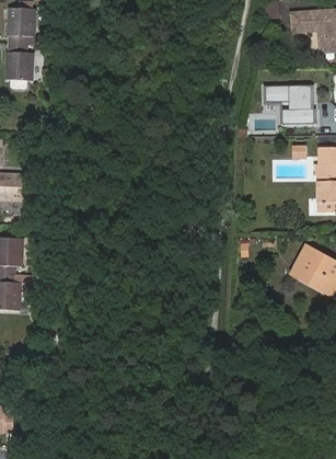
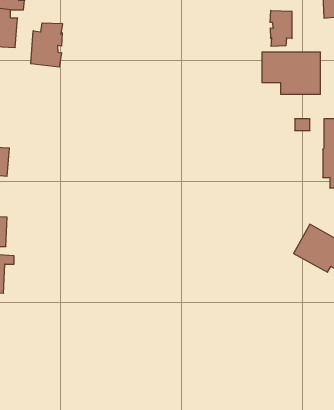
building: none -> [270,10,292,46]
building: none -> [31,23,62,67]

